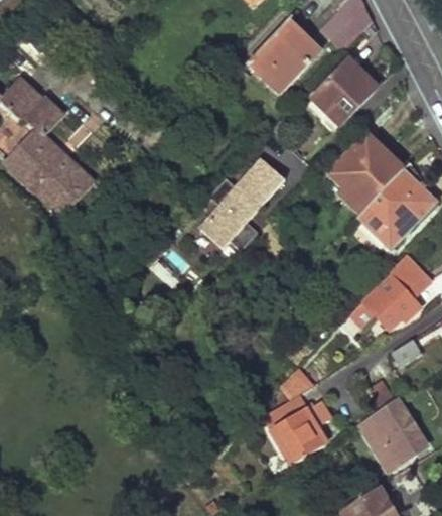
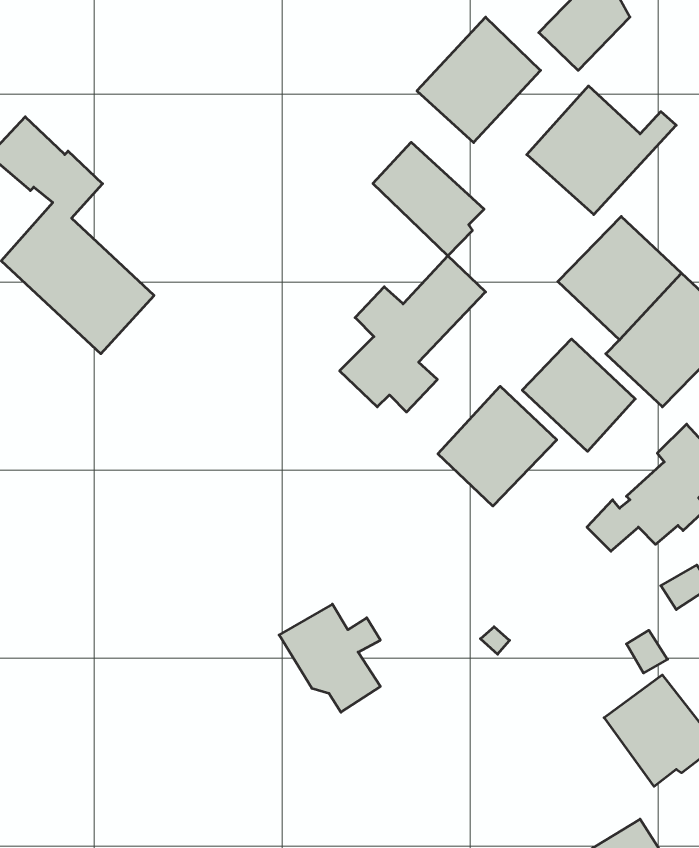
building: none -> [373,142,484,256]
building: none -> [522,339,635,451]
building: none -> [438,386,557,506]
building: [261,398,320,462] -> [279,604,380,712]

